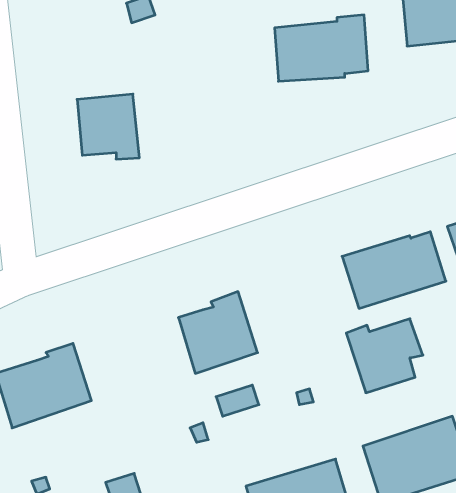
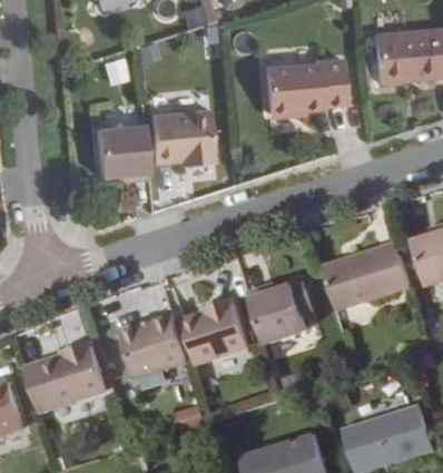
building: none -> [150,108,215,166]
building: none -> [119,313,188,378]
building: [346,319,423,393] -> [248,279,314,343]

